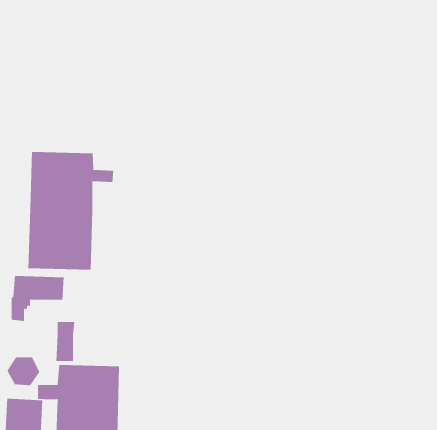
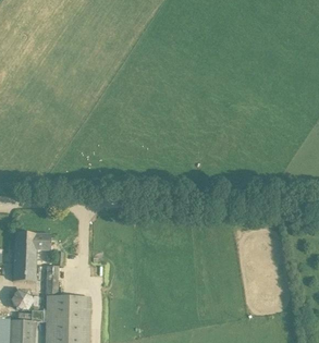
building: [28,151,114,271] -> none
building: none -> [11,249,36,281]

